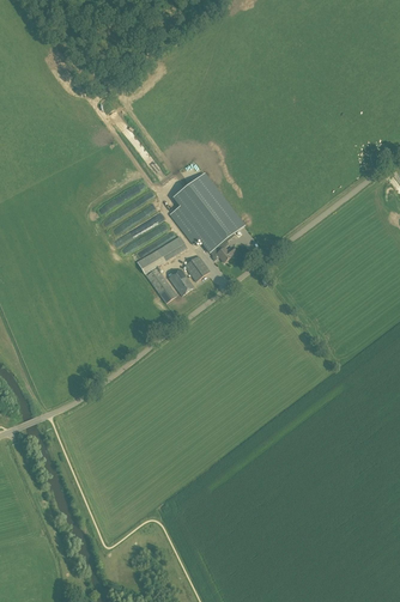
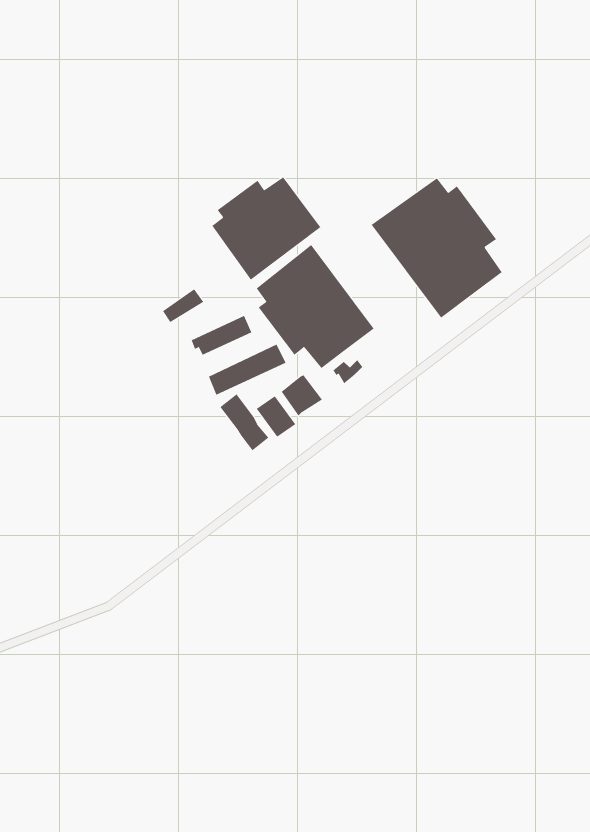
building: none -> [212,177,321,280]
building: none -> [371,178,503,319]

